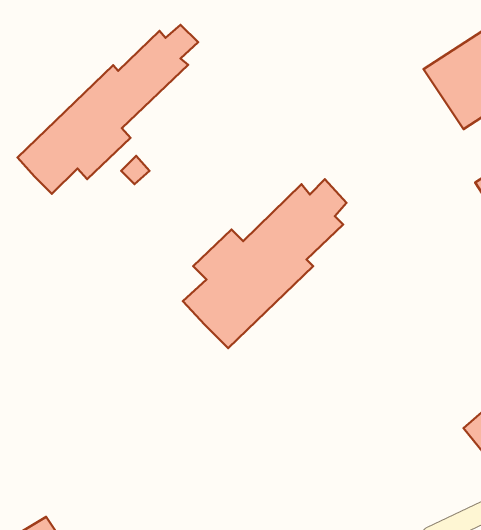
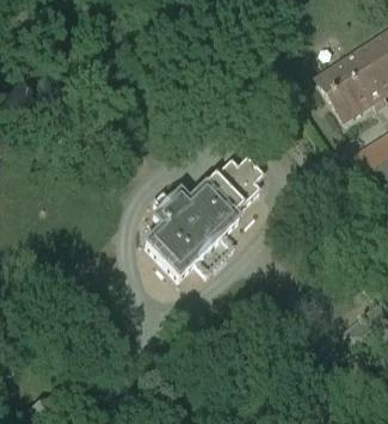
building: [17,25,198,194] -> none

